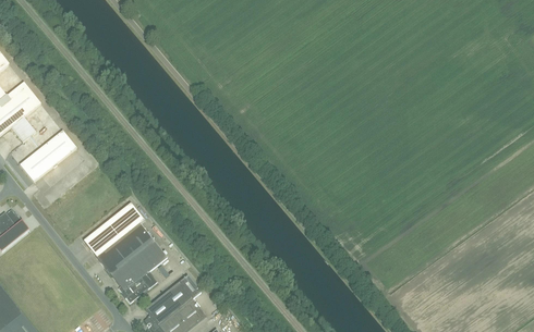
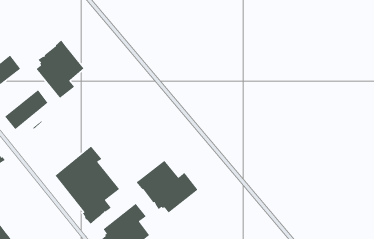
building: none -> [35,40,85,99]
building: none -> [136,160,199,214]

